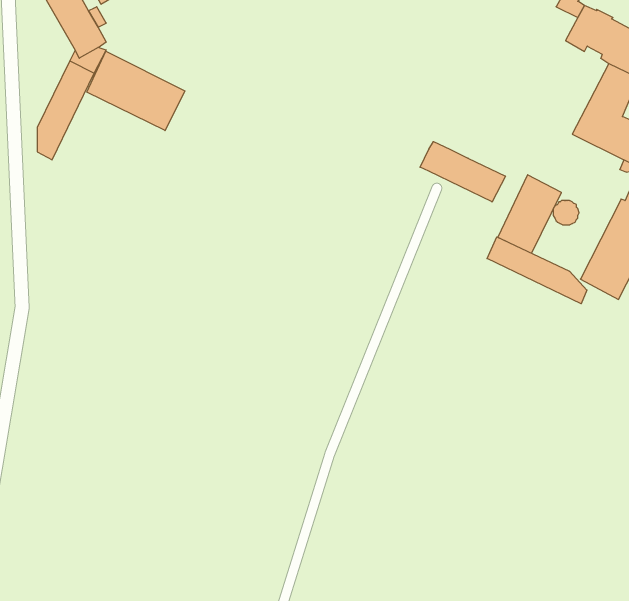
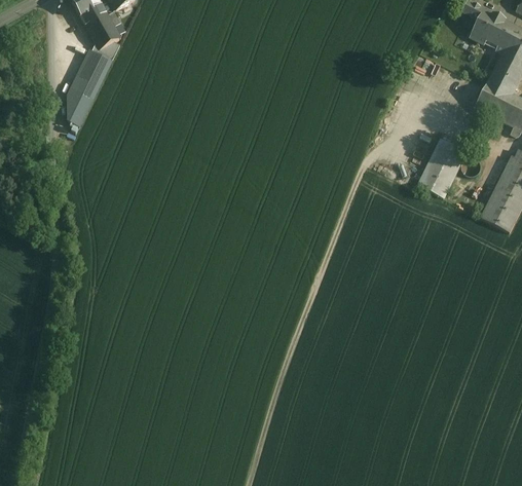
building: [87,51,185,131] -> none
building: [420,142,505,202] -> none
building: [487,237,587,304] -> none

